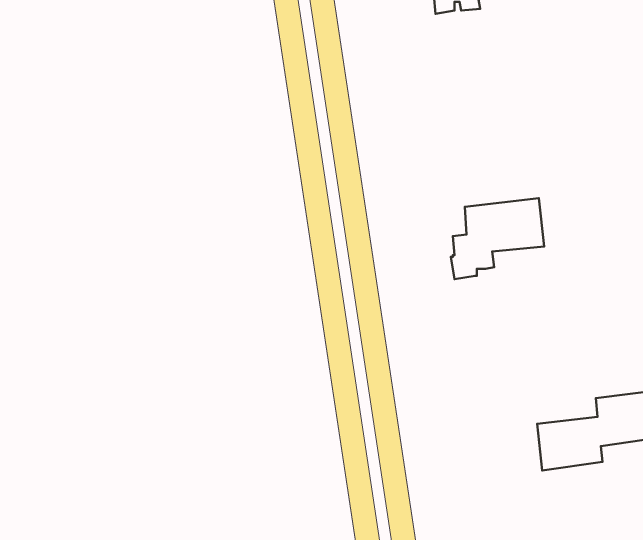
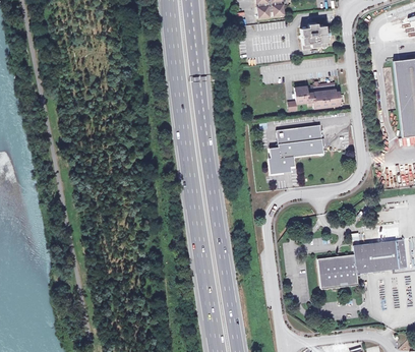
building: none -> [302,22,331,52]
building: none -> [289,80,342,111]

